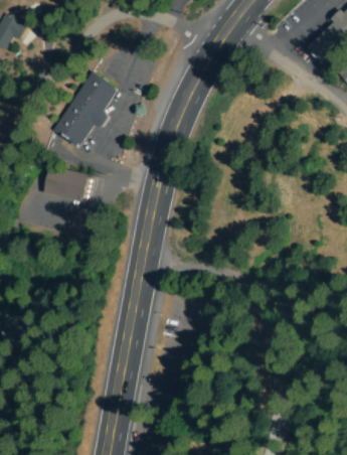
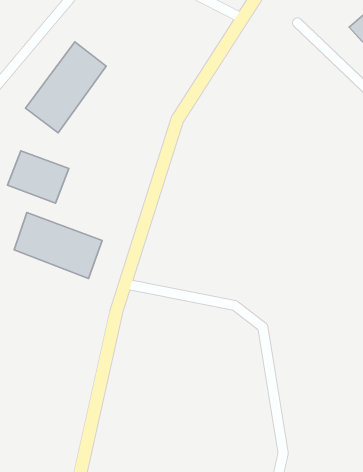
building: none -> [14,213,102,279]

